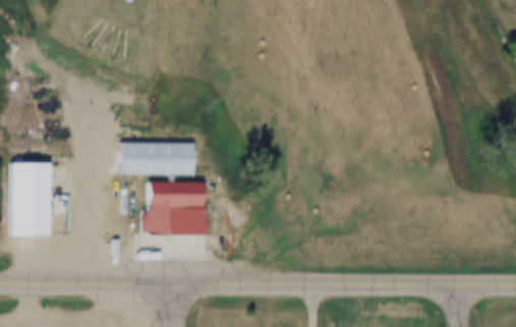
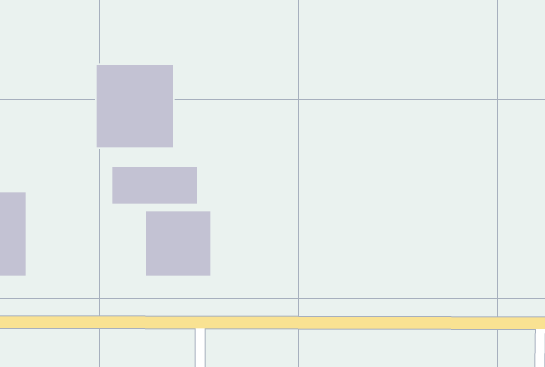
building: none -> [96,64,174,148]

